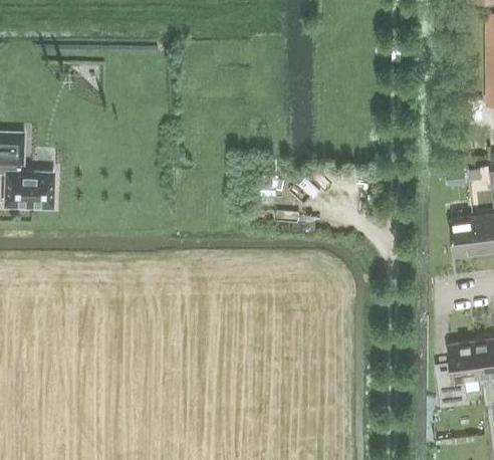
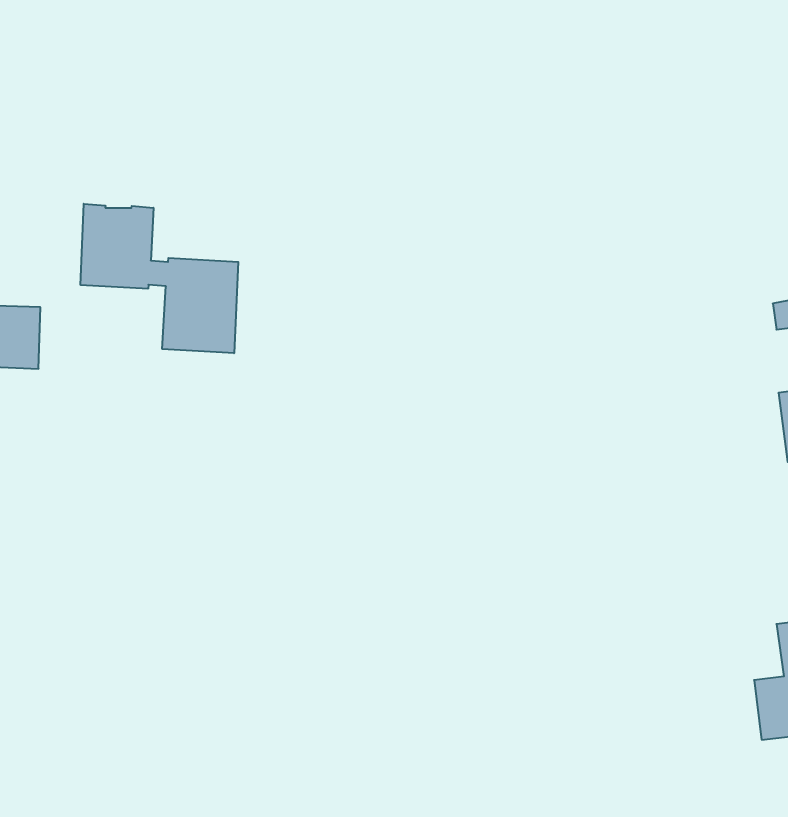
building: none -> [81,204,238,353]

